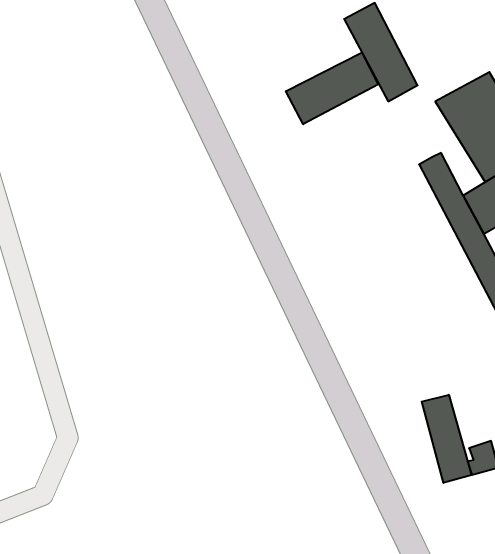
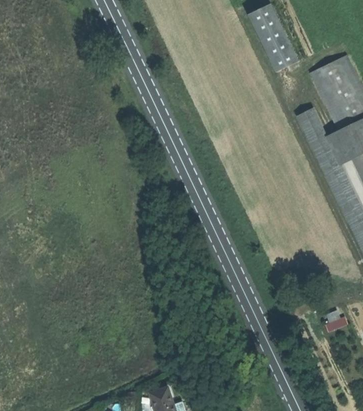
building: [286,52,378,124] -> none
building: [422,395,471,483] -> none

